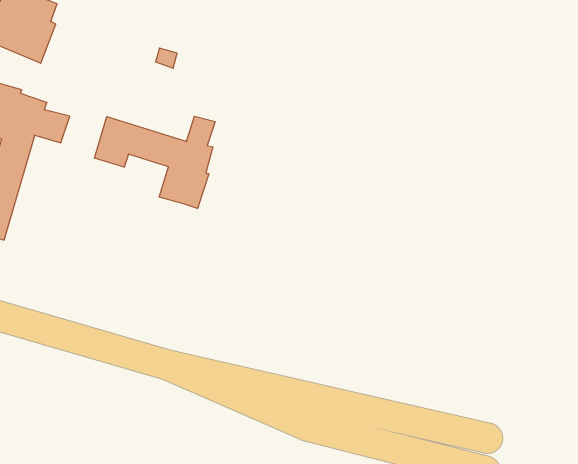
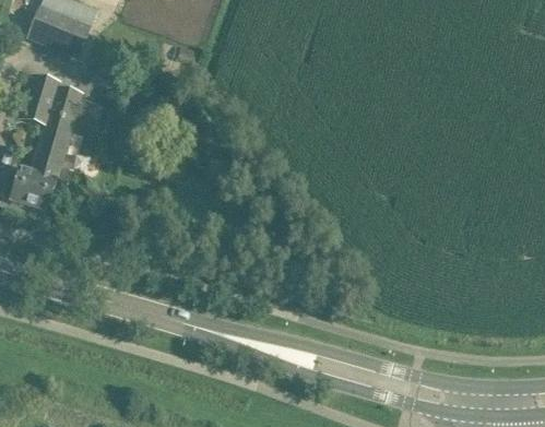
building: [94,116,215,209] -> none

